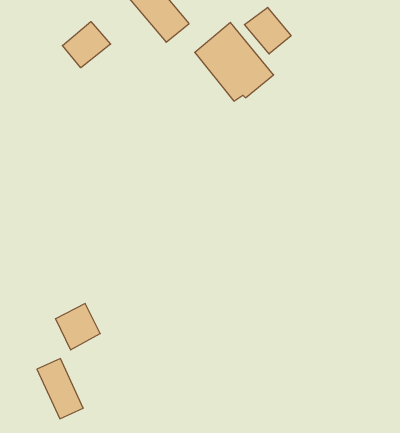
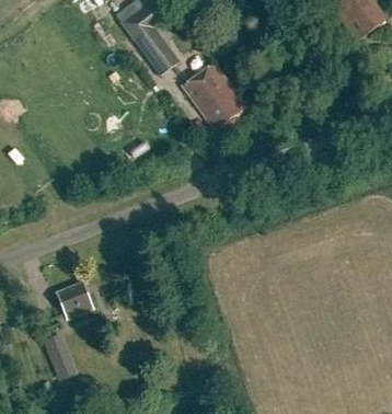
building: [244,7,291,54] -> none
building: [62,22,111,68] -> none

